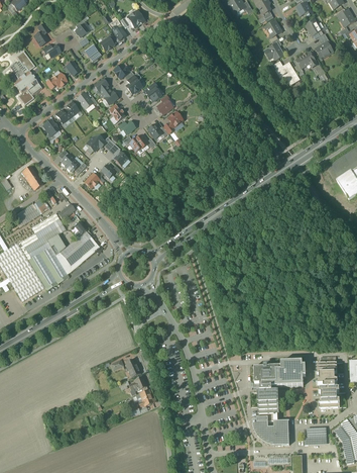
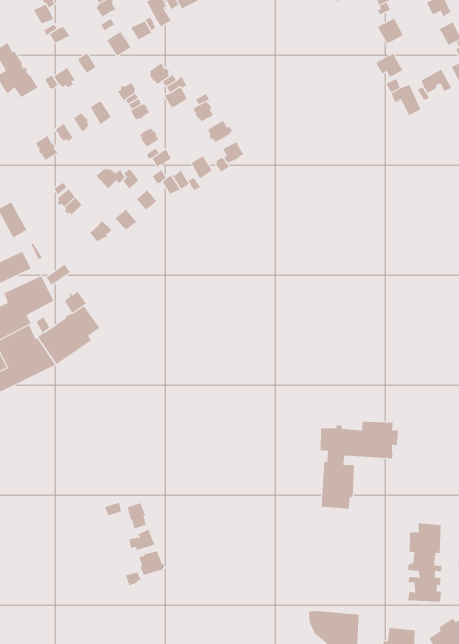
building: [253,360,306,420] -> [320,421,399,509]

